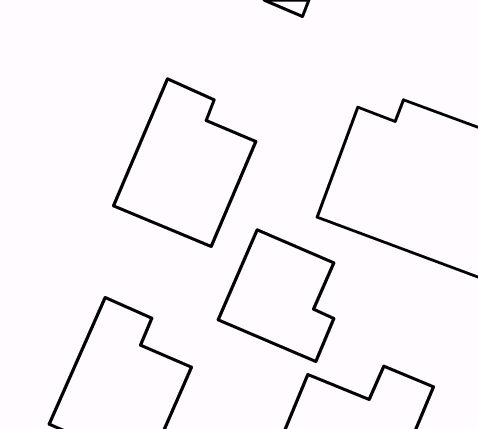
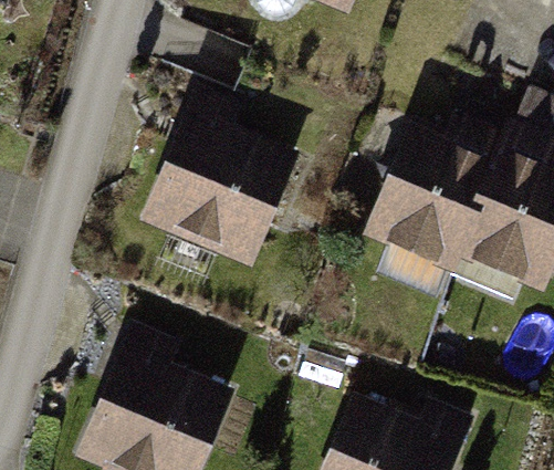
building: [218,230,334,361] -> none

